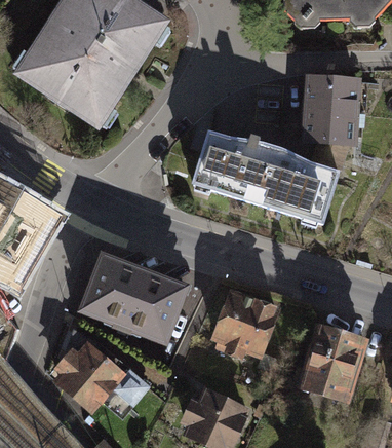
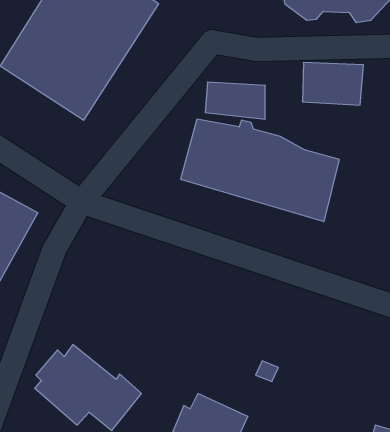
building: [301,111,357,146] -> [205,82,265,119]
building: [83,256,188,345] -> none
building: [209,287,280,360] -> none
building: [295,322,368,402] -> none

